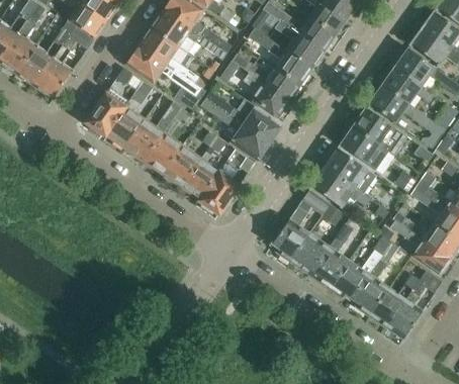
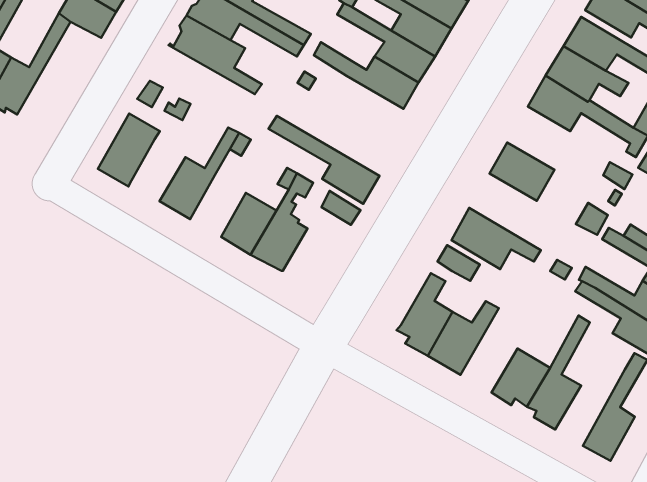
building: [36,25,95,98] -> none
building: [126,45,192,90] -> none
building: [249,75,288,116] -> none
building: [205,90,281,141] -> none
building: [105,106,144,147] -> none
building: [354,107,407,155] -> none
building: [144,132,181,173] -> none
building: [326,149,374,198] -> none
building: [199,172,243,214] -> none
building: [311,222,354,288] -> none
building: [370,275,419,327] -> none

